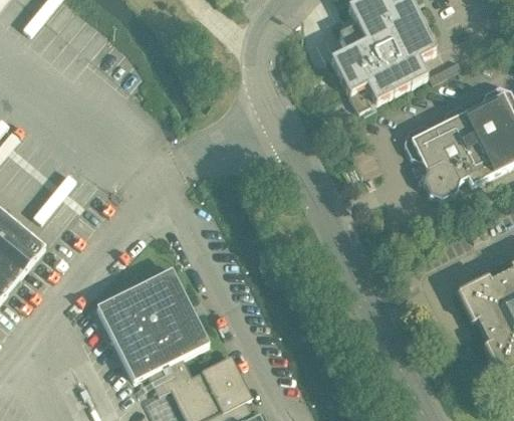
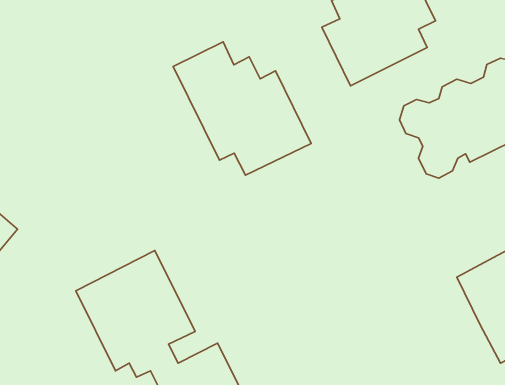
building: none -> [173,42,311,175]

